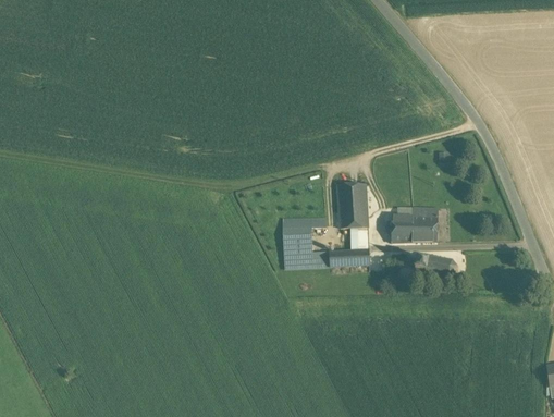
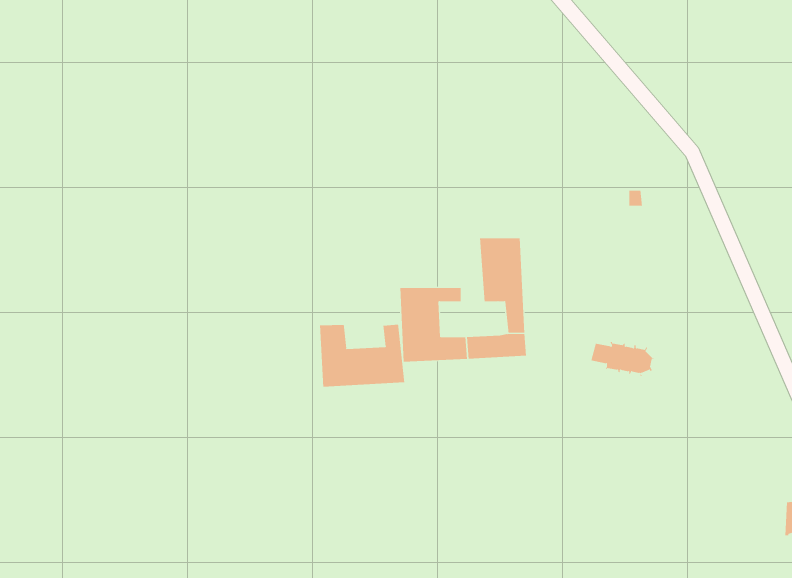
building: [391,207,439,243] -> none
building: none -> [320,324,405,387]

